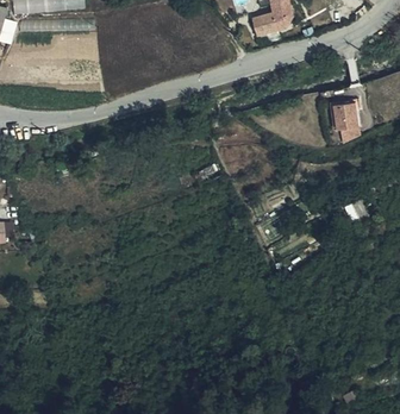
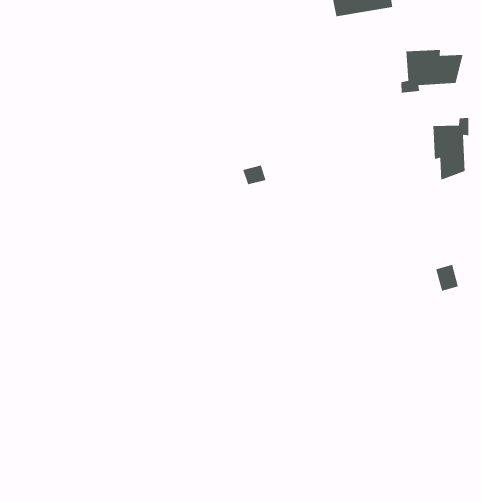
building: none -> [400,49,463,94]

